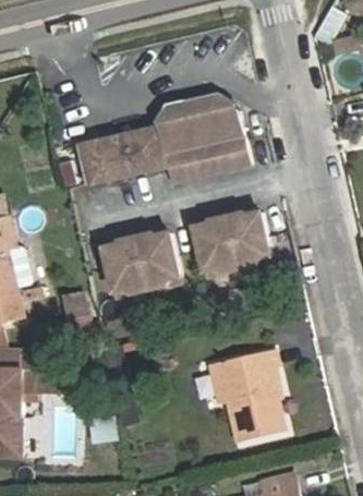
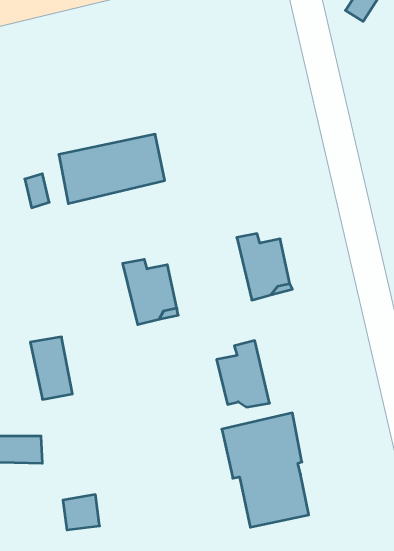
building: [158,101,249,182] -> none
building: [193,211,235,265] -> [217,341,270,407]
building: [101,232,144,286] -> none

